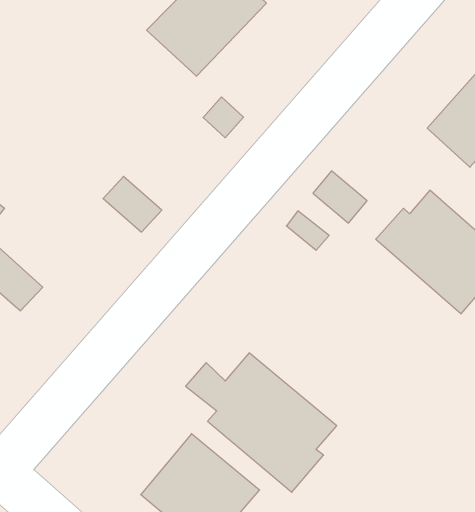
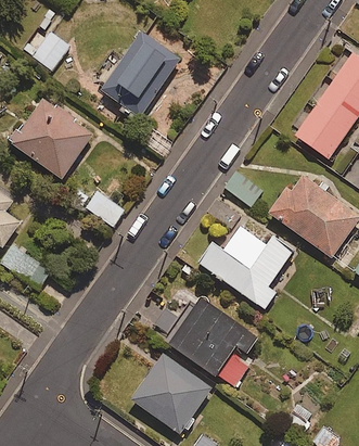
building: none -> [12,98,93,178]
building: none -> [201,228,293,308]

